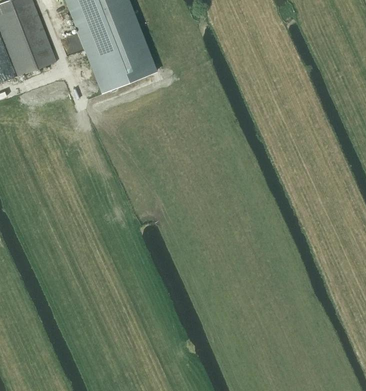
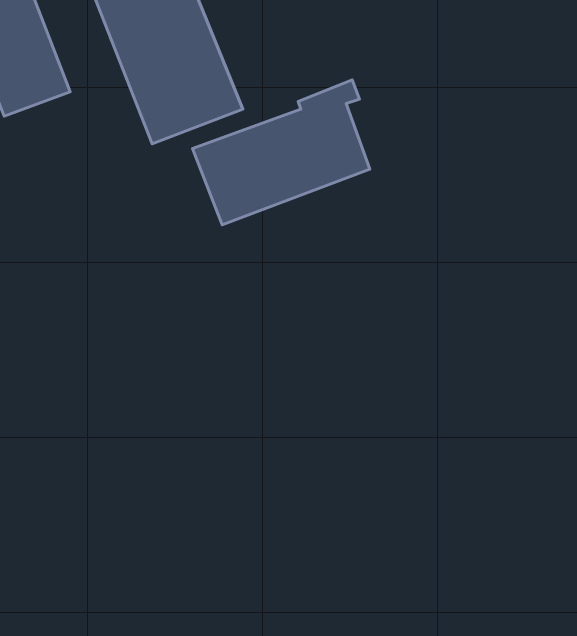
building: none -> [193,80,370,225]

